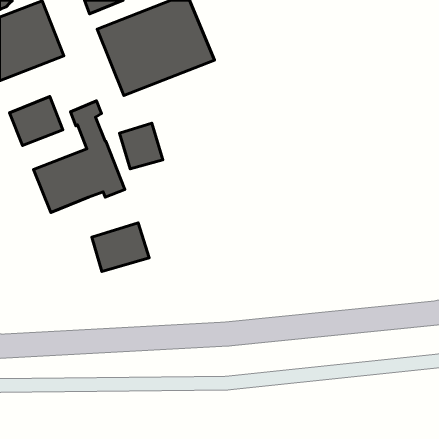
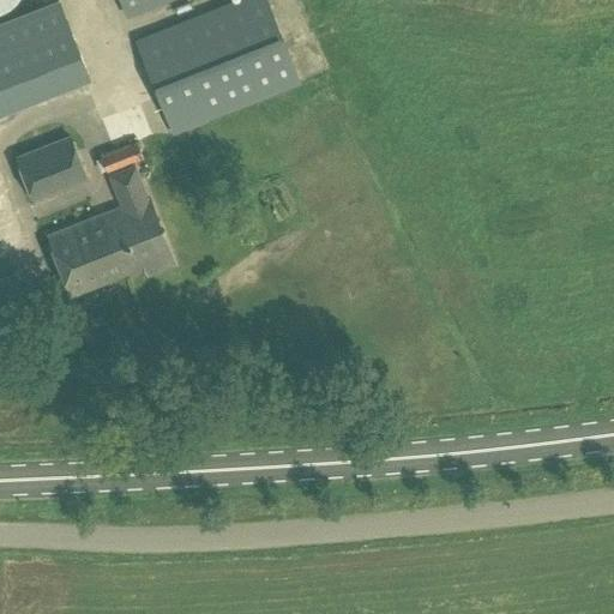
building: [119,123,163,169] -> none
building: [92,223,149,271] -> none

